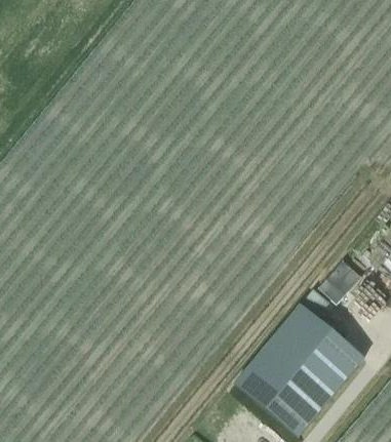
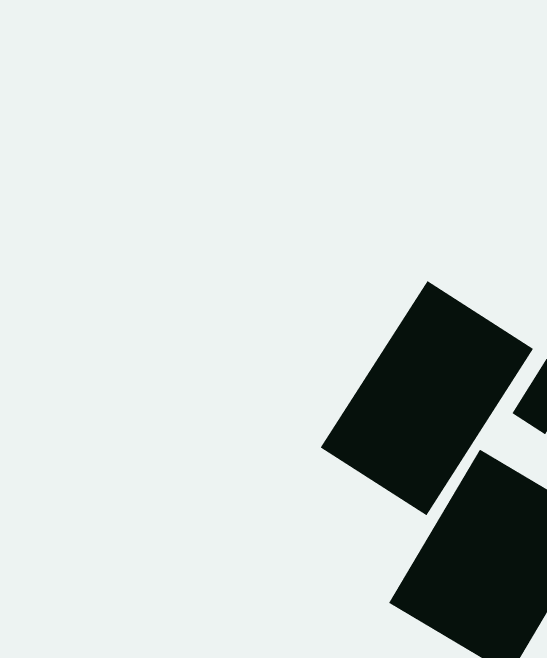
building: none -> [320,280,534,516]

